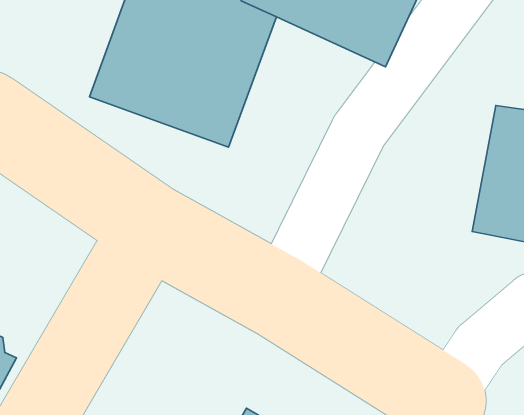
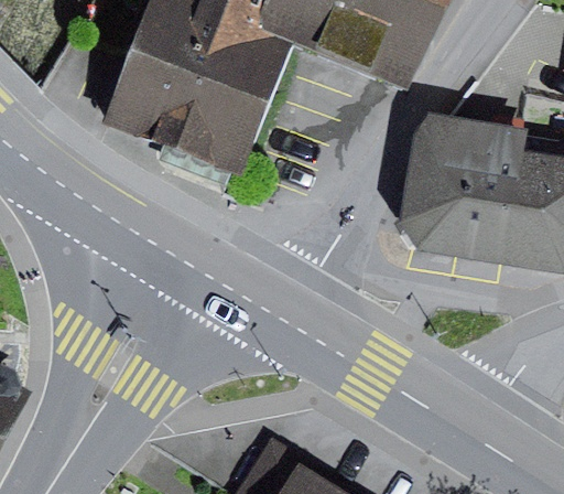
building: none -> [401,115,520,261]

